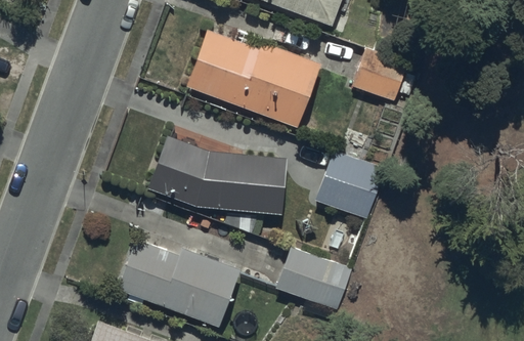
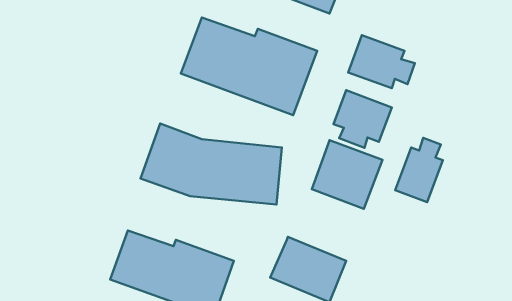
building: none -> [334,90,392,148]
building: none -> [395,138,443,202]

